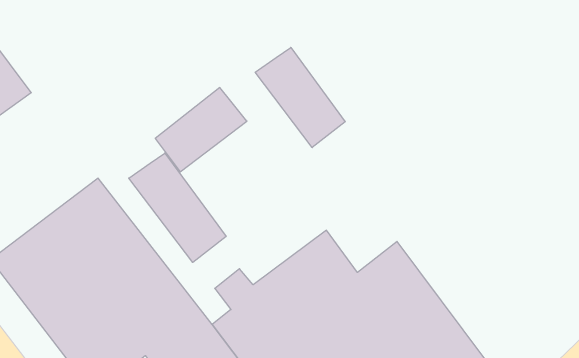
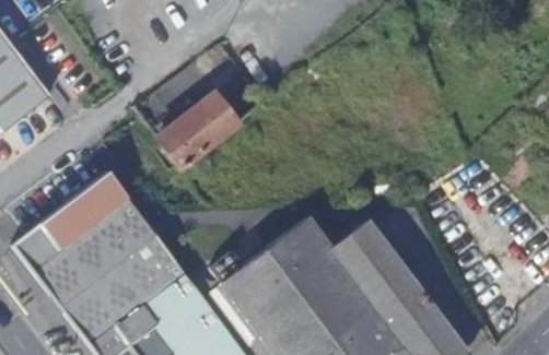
building: [255,47,345,148] -> none
building: [129,153,226,262] -> none

